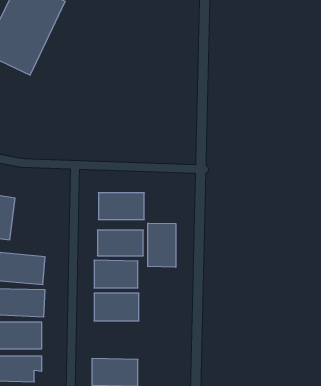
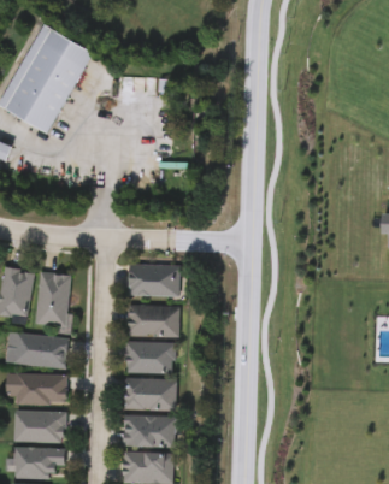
building: none -> [36,272,71,326]
building: [148,223,176,267] -> none
building: none -> [122,417,175,445]

